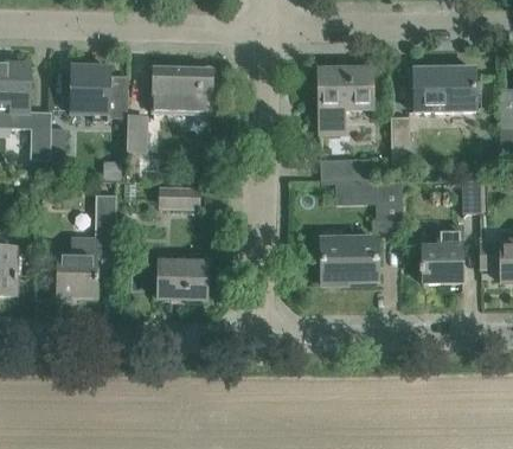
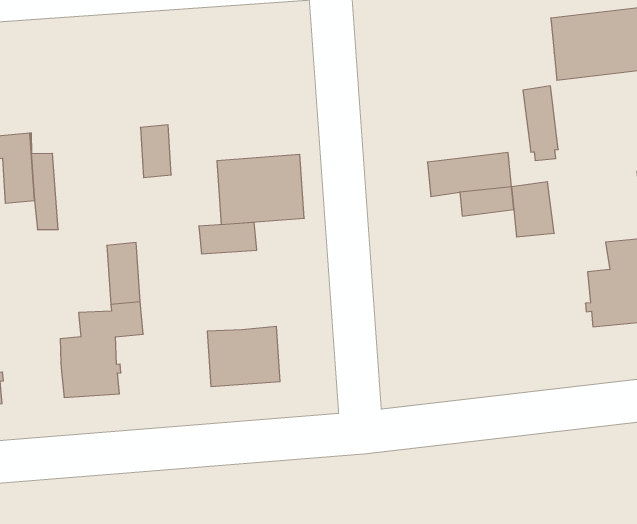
building: [70,65,128,121] -> none
building: [153,68,211,113] -> [217,154,304,225]
building: [319,69,371,132] -> none
building: [321,238,377,283] -> none

